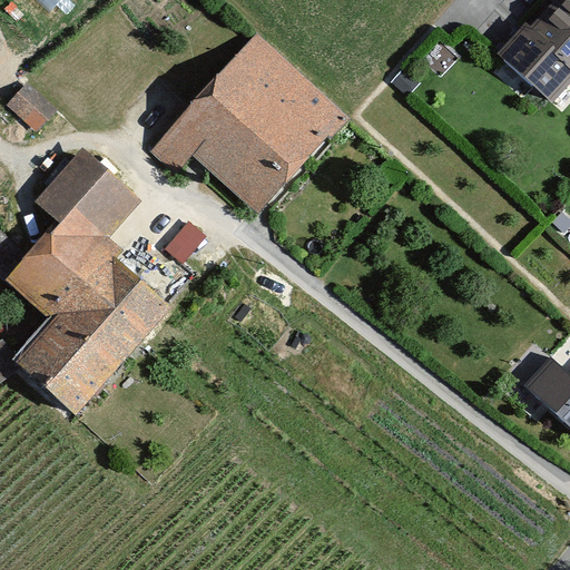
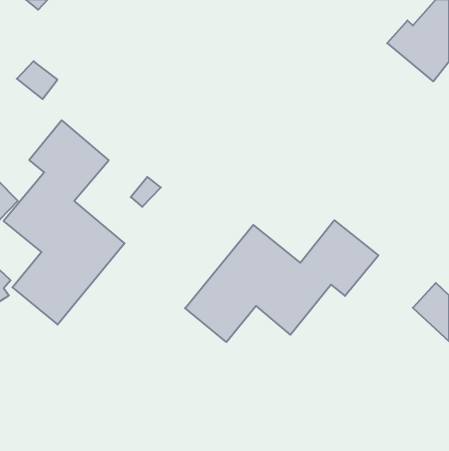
building: [165,31,374,210] -> none
building: none -> [185,220,378,342]

